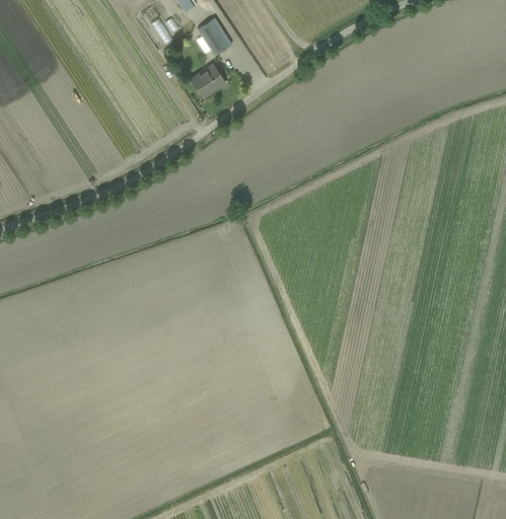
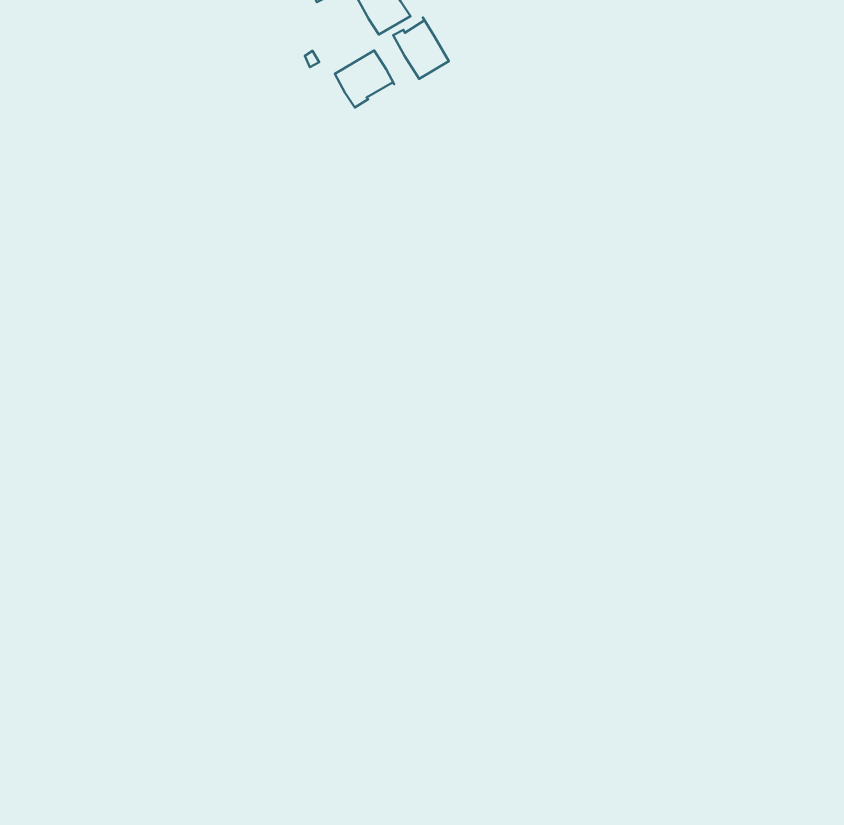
building: none -> [393,17,449,79]

